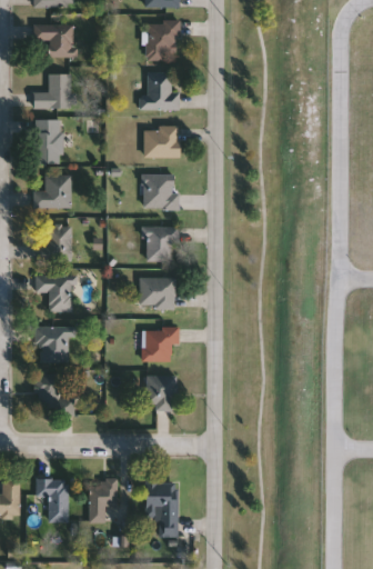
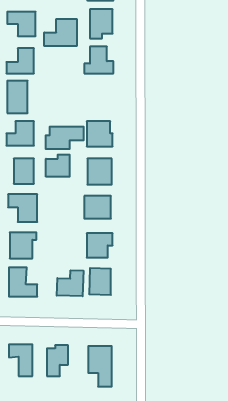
building: none -> [44,19,77,46]
building: [142,127,179,158] -> none
building: none -> [46,127,84,149]
building: none -> [46,155,70,177]
building: none -> [57,270,83,296]

